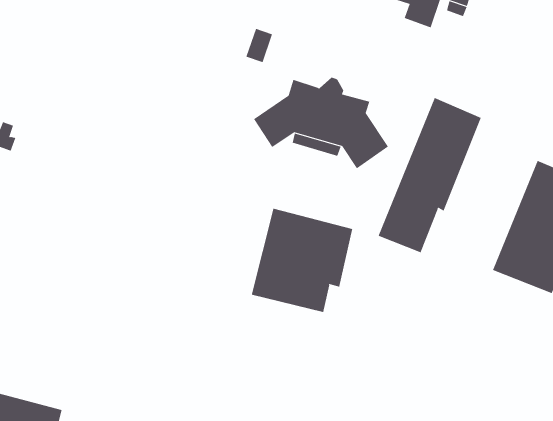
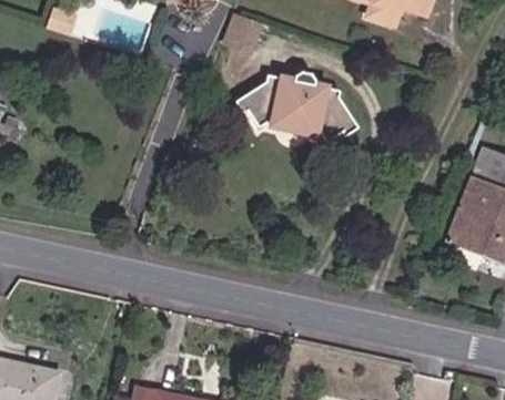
building: [378,97,481,253] -> none
building: [251,208,353,313] -> none

